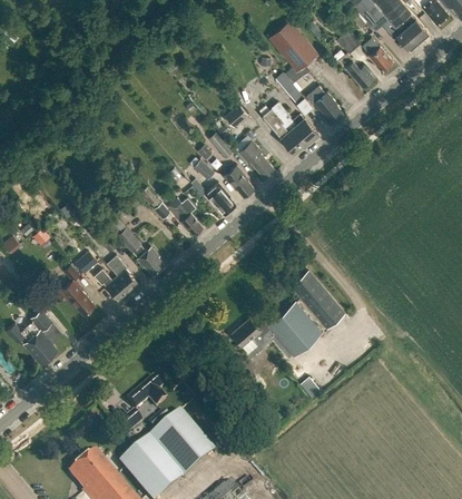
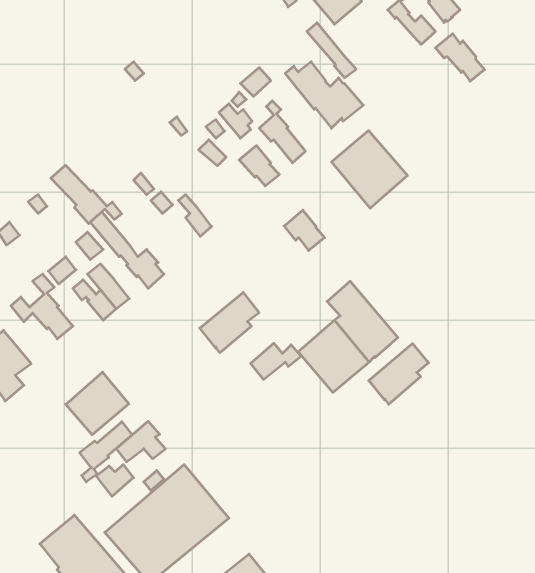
building: [305,85,343,121] -> [435,34,485,81]
building: none -> [332,131,407,208]
building: none -> [51,165,122,224]
building: [205,183,236,214] -> [284,210,325,251]
building: none -> [200,292,259,353]
building: none -> [369,344,429,404]
building: none -> [66,372,129,435]
building: none -> [80,422,132,482]

